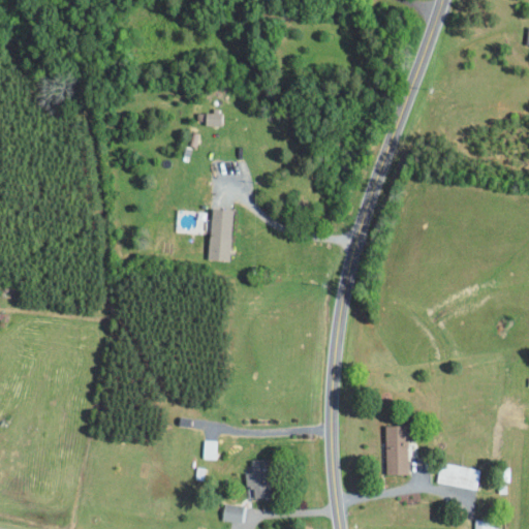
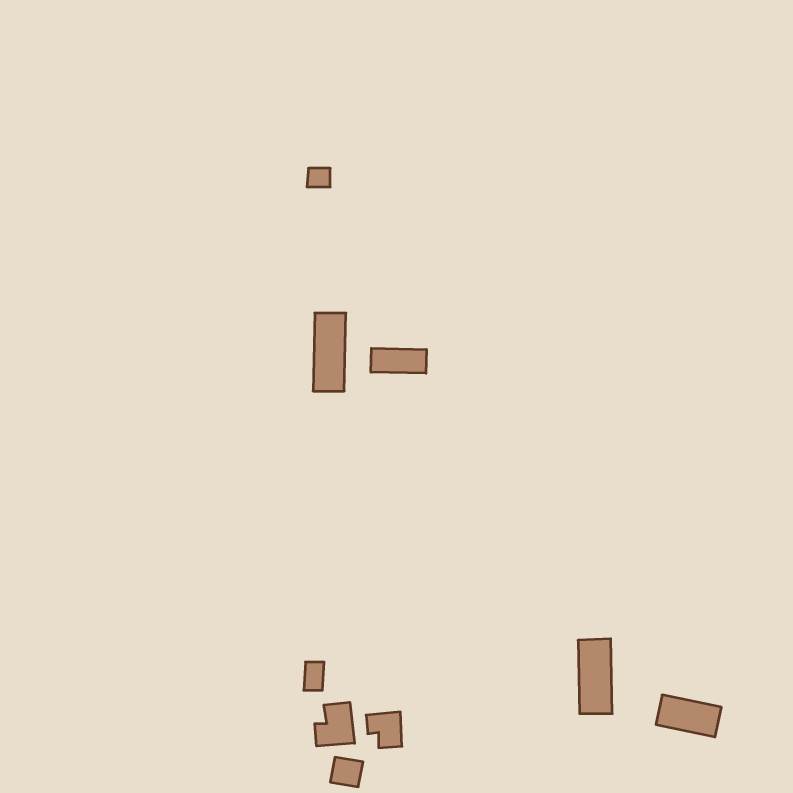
building: none -> [371,348,426,373]
building: none -> [315,702,355,746]

